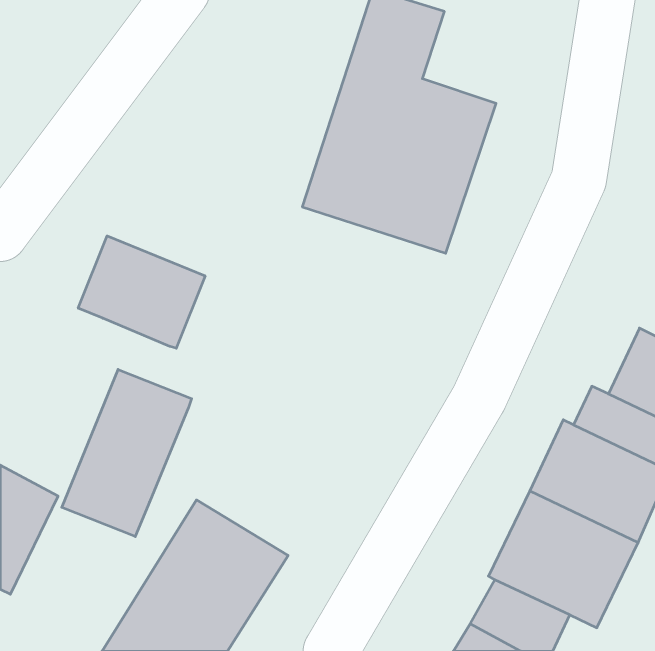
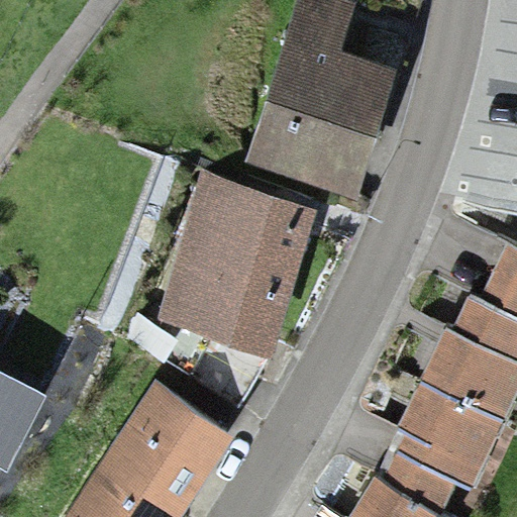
building: [78,236,205,348] -> none
building: none -> [161,187,315,354]
building: [62,369,192,537] -> none

